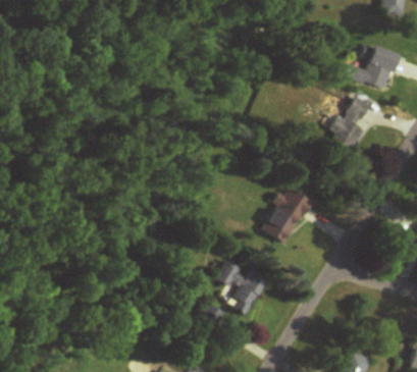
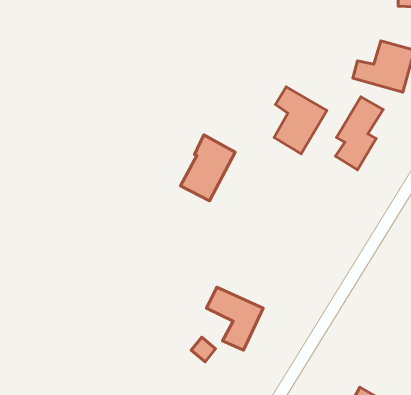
building: none -> [274,87,327,154]
building: [262,185,310,244] -> [181,135,235,201]

